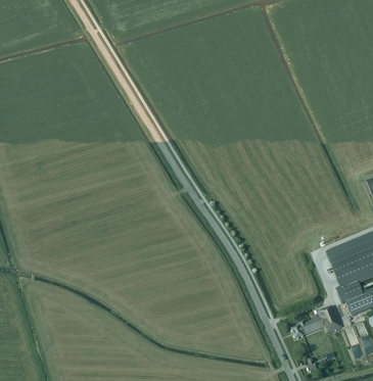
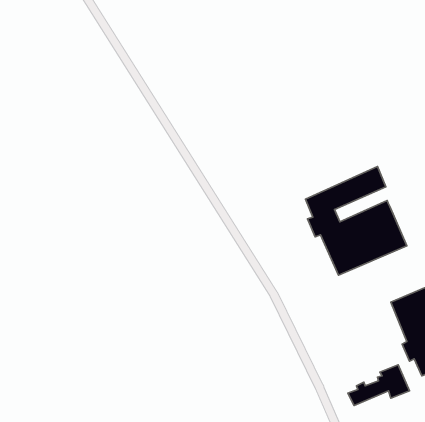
building: none -> [305,166,407,275]

